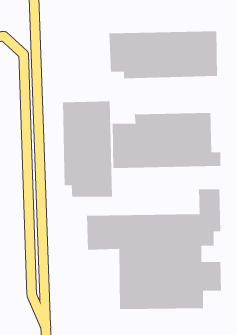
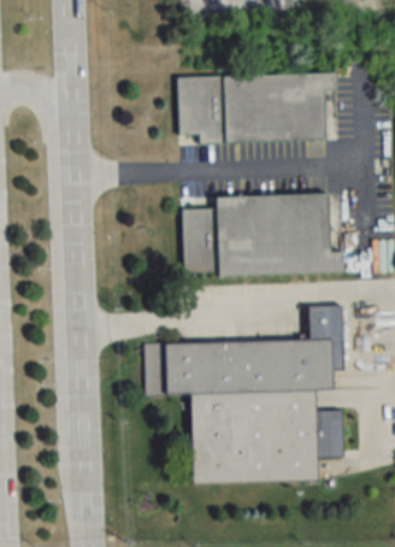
building: [62,101,113,198] -> none

